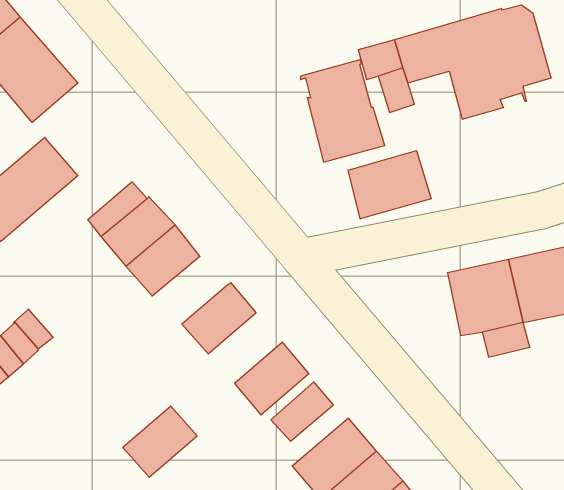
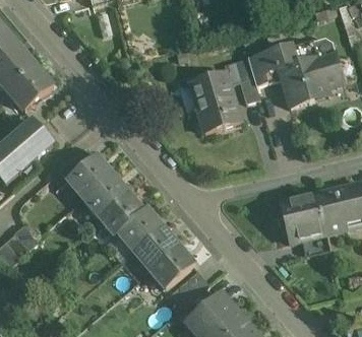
building: [348,151,431,219] -> none
building: none -> [98,191,143,234]
building: [123,406,197,477] -> [132,225,178,269]

